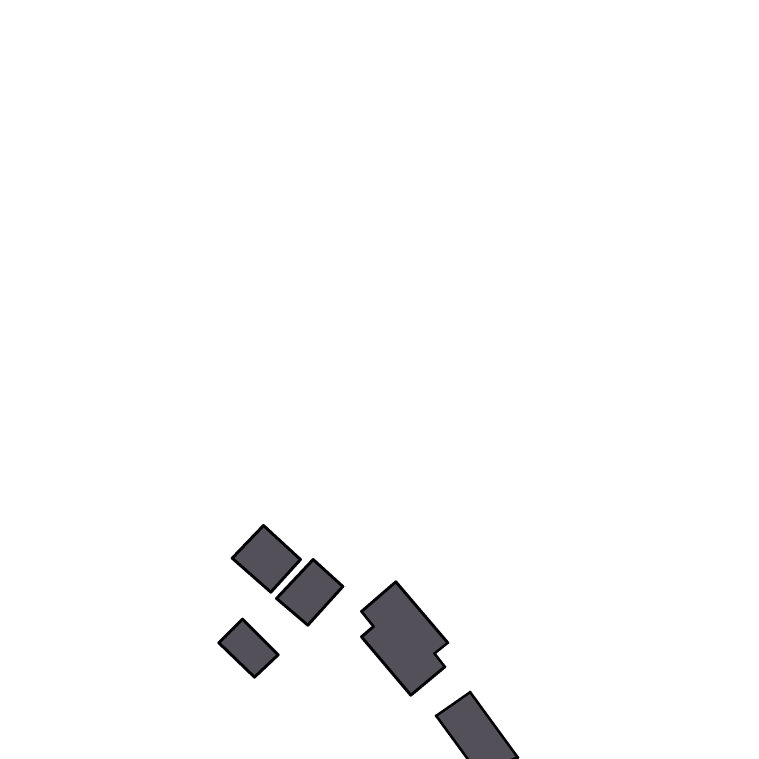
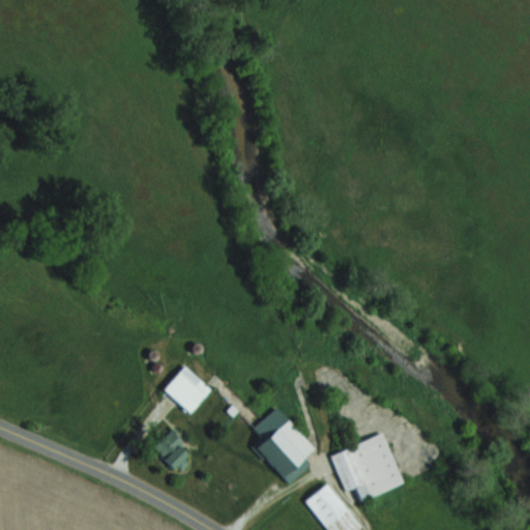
building: [277,559,343,625] -> none
building: none -> [329,433,403,500]

